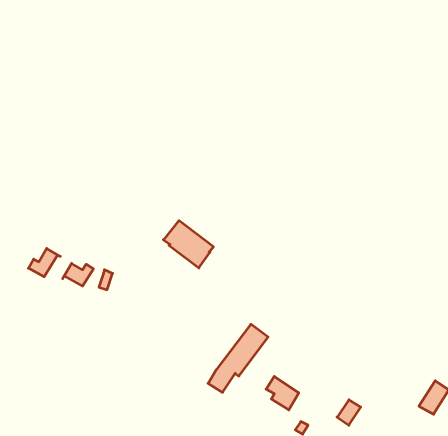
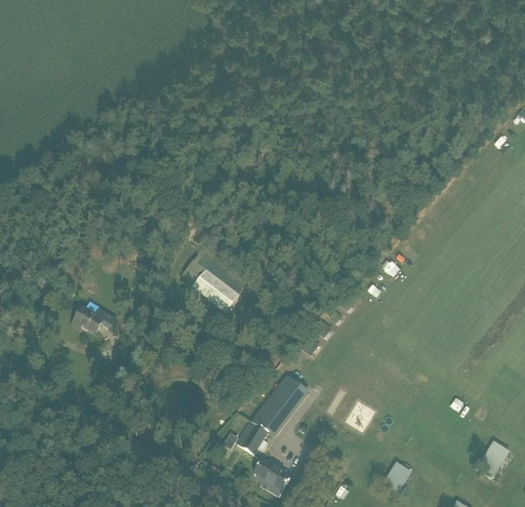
building: [28,248,60,277] -> none
building: [266,376,299,410] -> [254,460,291,498]

